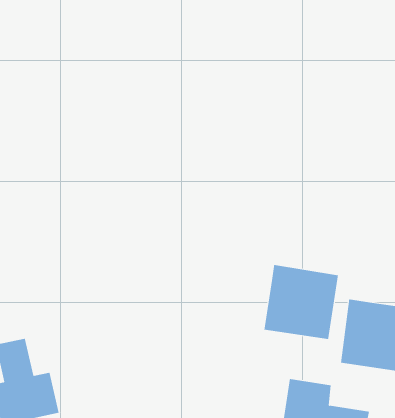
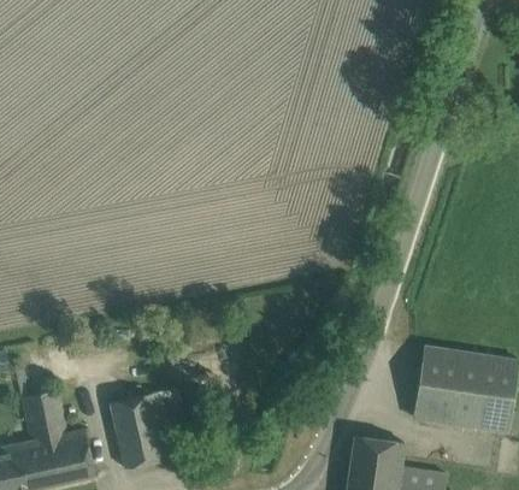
building: [264,264,338,340] -> none
building: none -> [110,386,193,467]

